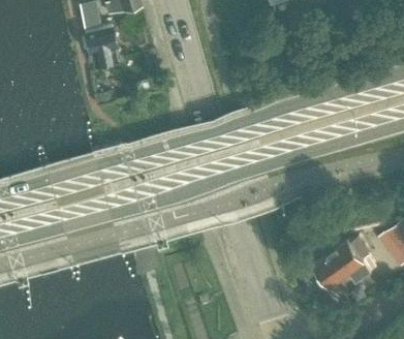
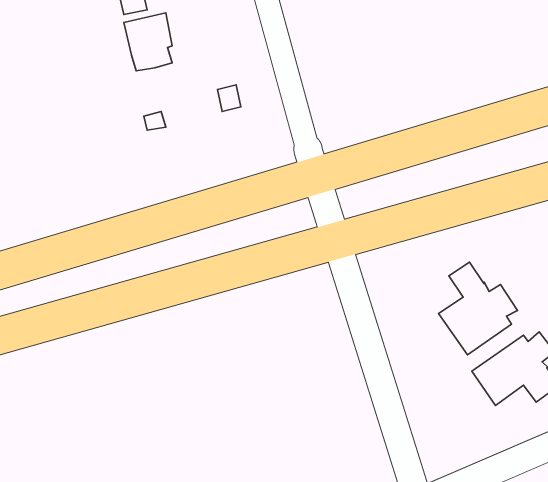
building: none -> [438,262,517,355]

